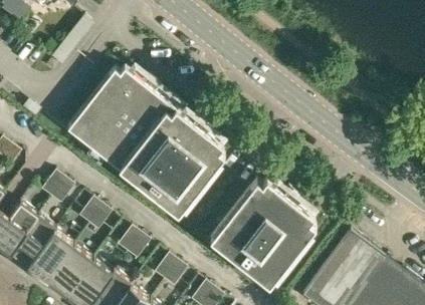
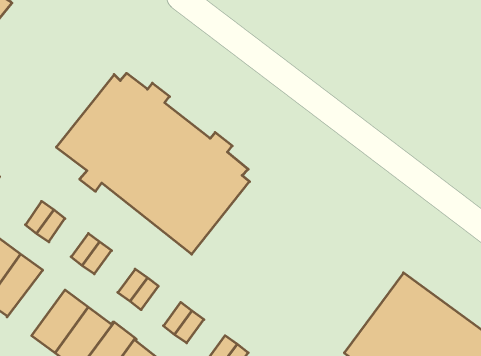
building: [209,180,315,287] -> none
building: [26,229,73,282] -> none

